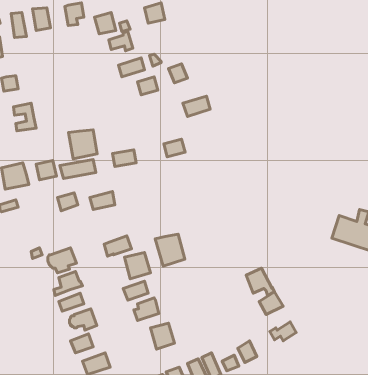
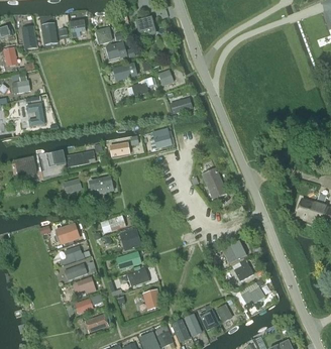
building: [68,130,97,159] -> none
building: none -> [201,166,226,198]
building: [155,234,185,266] -> none

